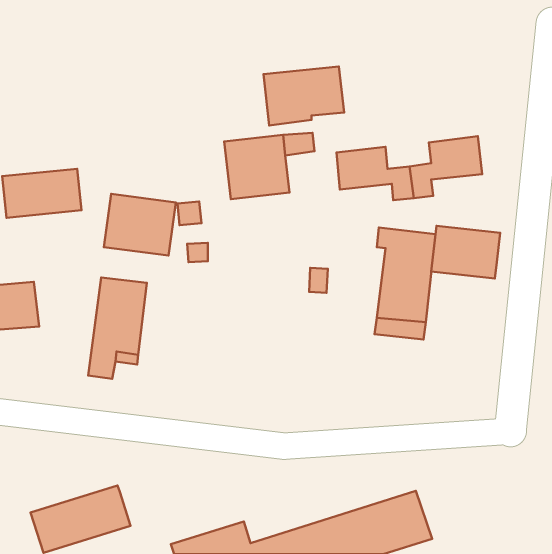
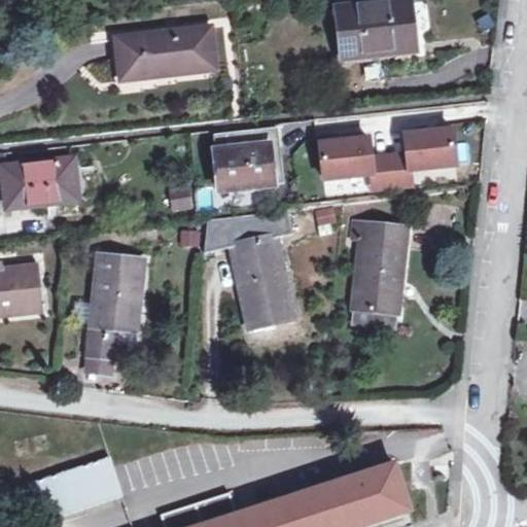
building: none -> [117,32,214,76]
building: [264,67,344,125] -> [336,4,412,60]
building: [104,194,176,256] -> none
building: [431,226,500,279] -> none
building: none -> [206,218,292,332]

